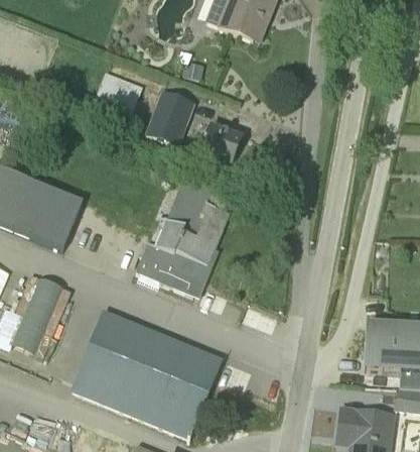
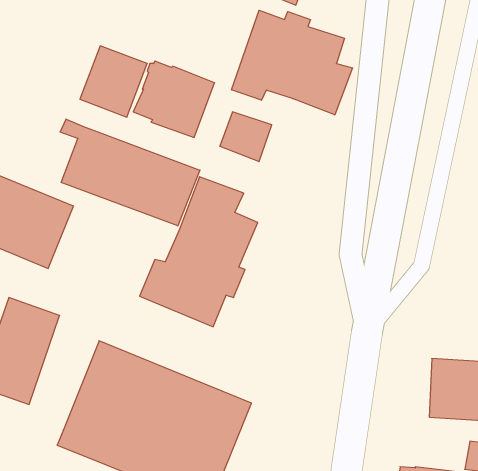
building: none -> [232,10,352,115]
building: none -> [60,119,200,226]

